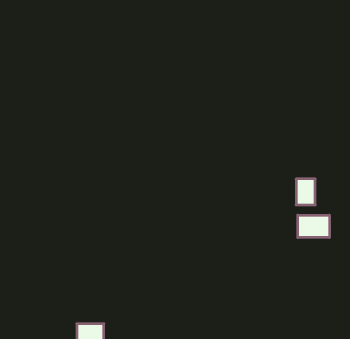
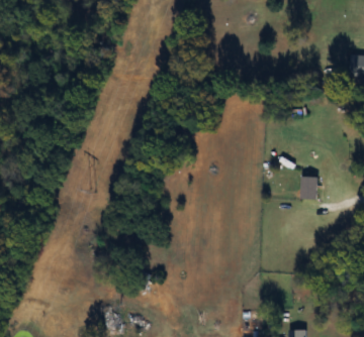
building: [298,215,329,238] -> none

